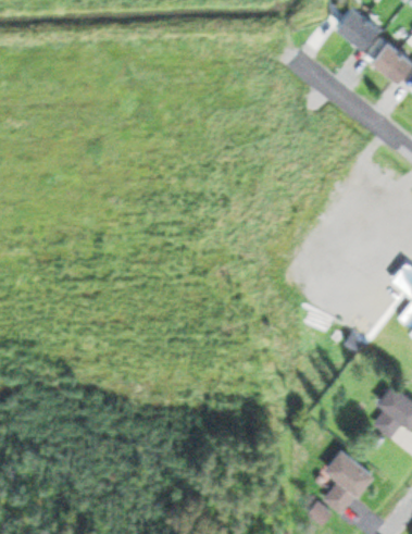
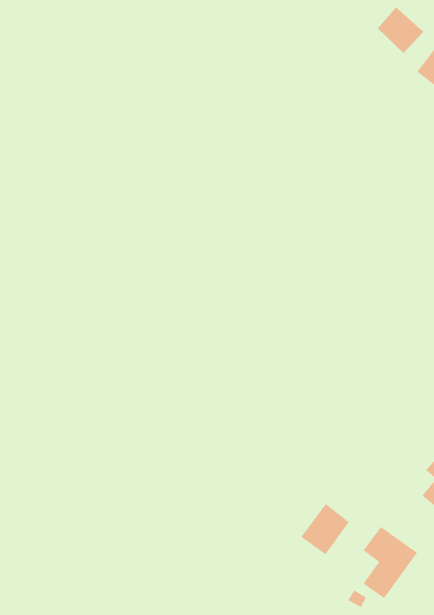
building: none -> [300,503,350,555]

